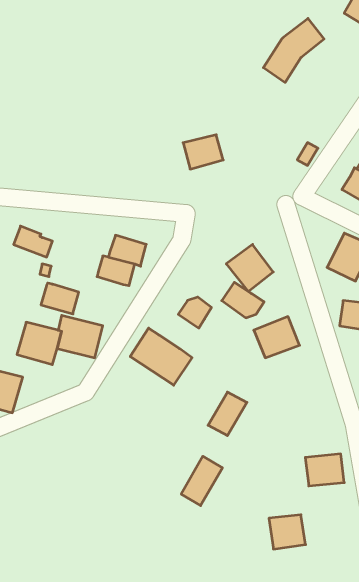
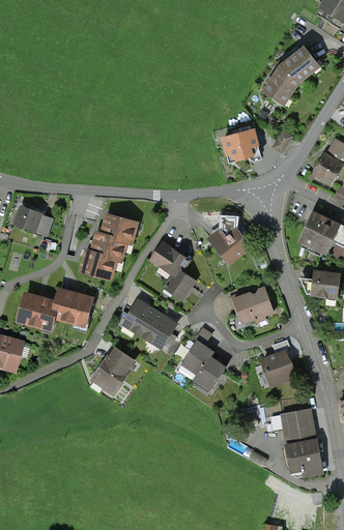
building: [263,18,324,82] -> [262,46,317,104]
building: [183,135,223,169] -> [222,129,258,160]
building: [222,282,264,318] -> [150,240,189,272]
building: [41,283,79,314] -> [80,249,114,277]
building: none -> [90,345,135,394]
building: none -> [261,358,295,387]
building: [181,456,222,506] -> [175,337,212,382]
building: [269,515,306,549] -> [285,444,318,475]

